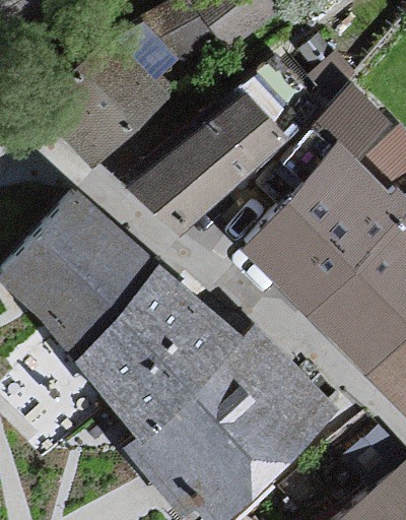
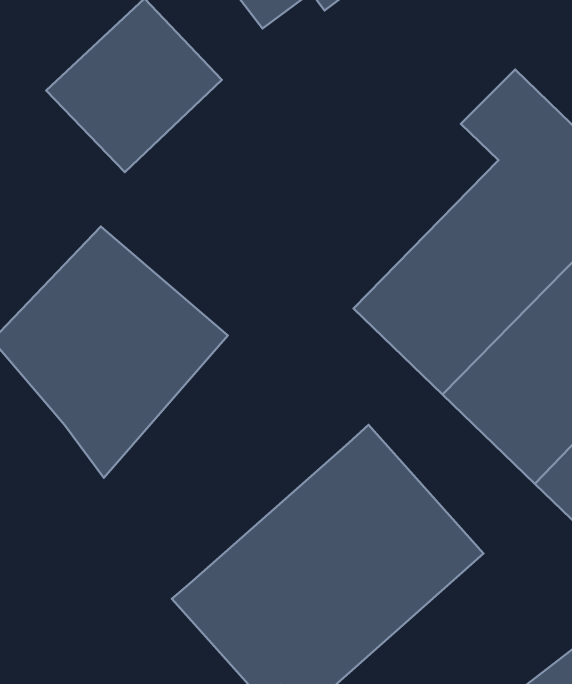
building: [137,92,281,231] -> none
building: [79,268,244,433] -> none

